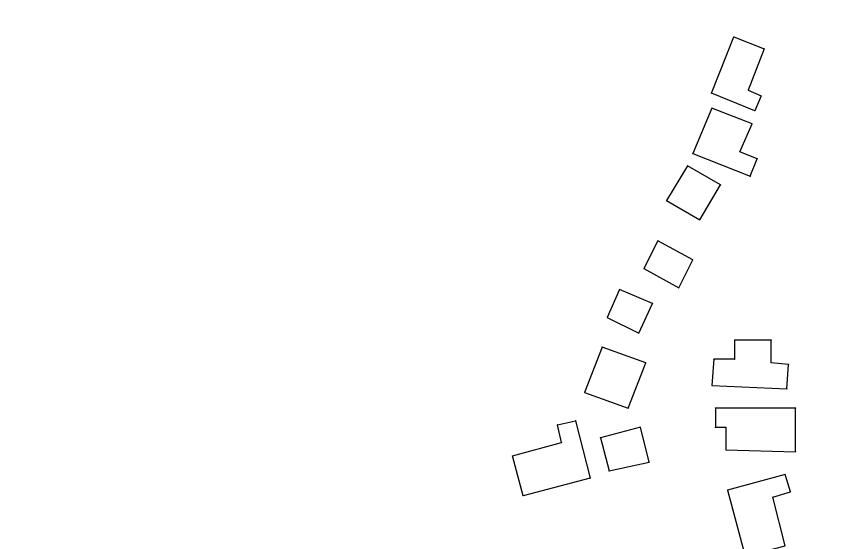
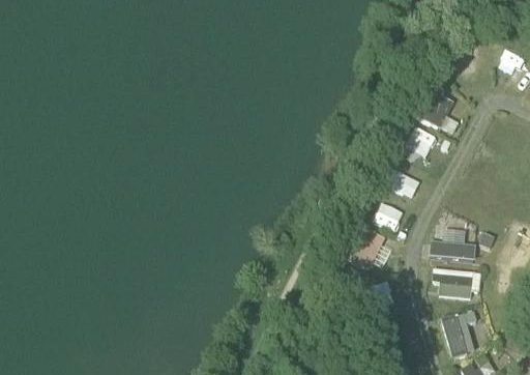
building: [712,37,764,111] -> none
building: [513,421,590,496] -> none

